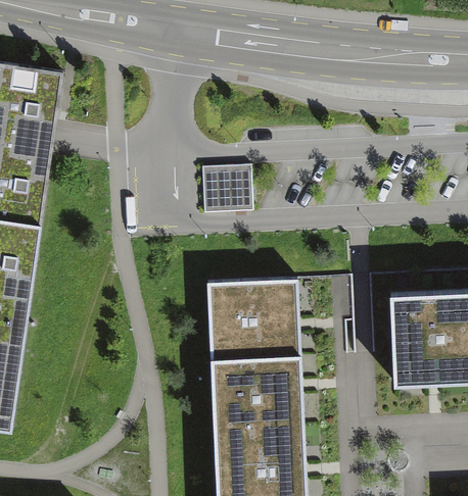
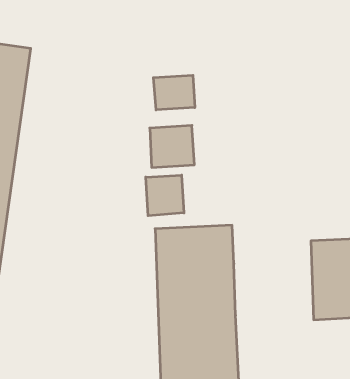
building: none -> [153,75,195,110]
building: none -> [146,175,184,216]

